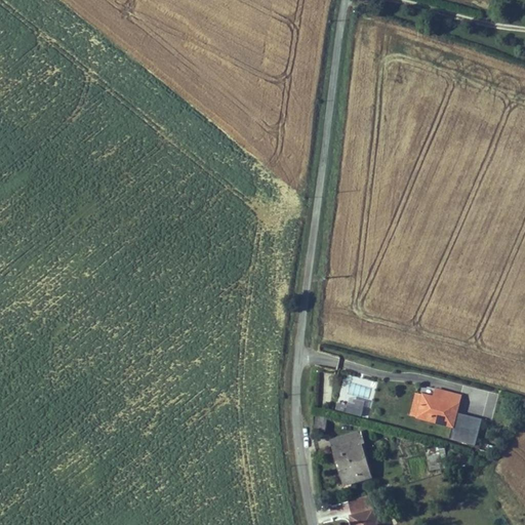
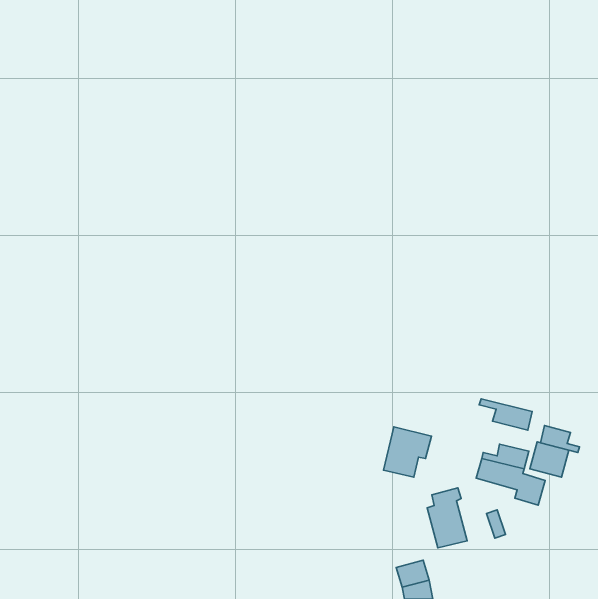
building: none -> [479,399,532,430]
building: none -> [540,425,579,452]
building: [332,430,367,482] -> [427,488,467,548]

